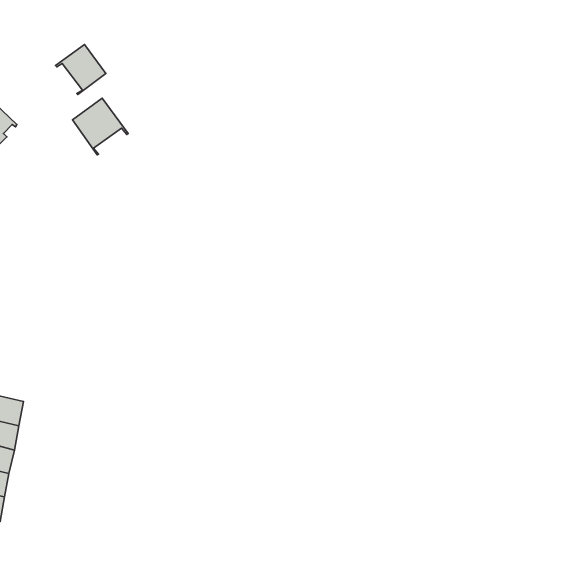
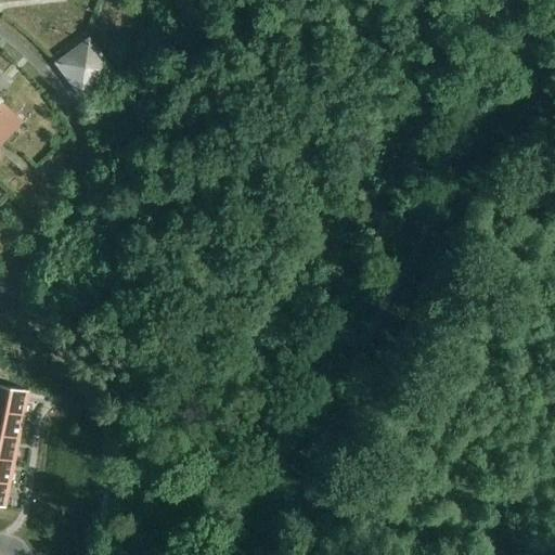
building: [72,98,128,155] -> none

